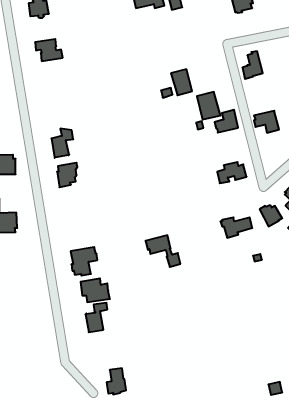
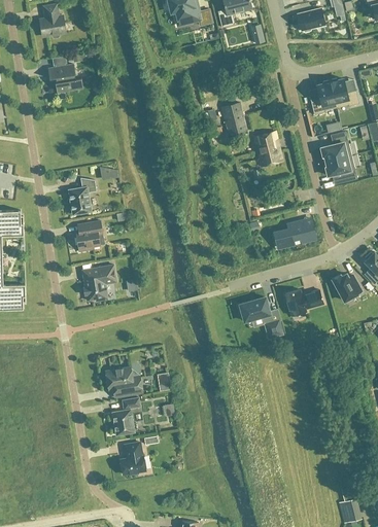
building: none -> [329,77,358,107]
building: [215,110,238,133] -> [320,132,350,161]
building: [145,235,180,267] -> [237,296,281,337]
building: [71,247,97,276] -> [81,265,115,301]
building: [107,368,126,394] -> [119,442,144,475]

